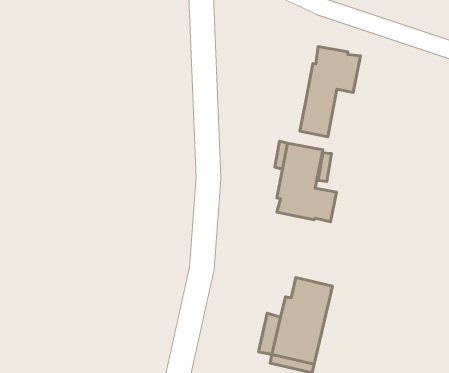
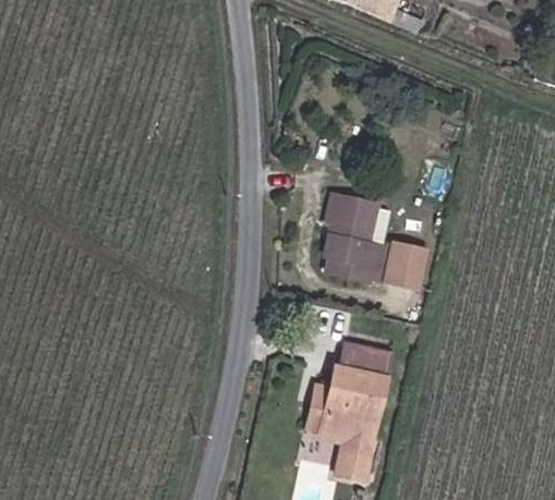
building: [300,47,360,137] -> none
building: none -> [394,249,427,288]

